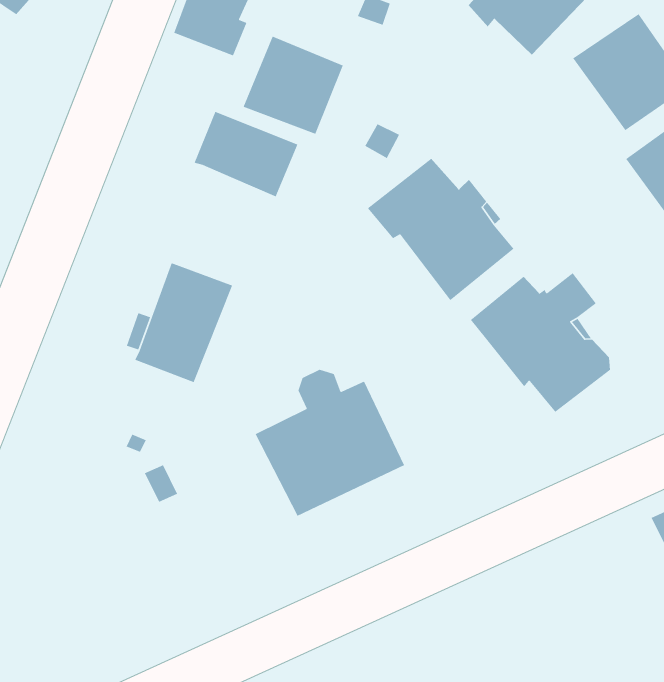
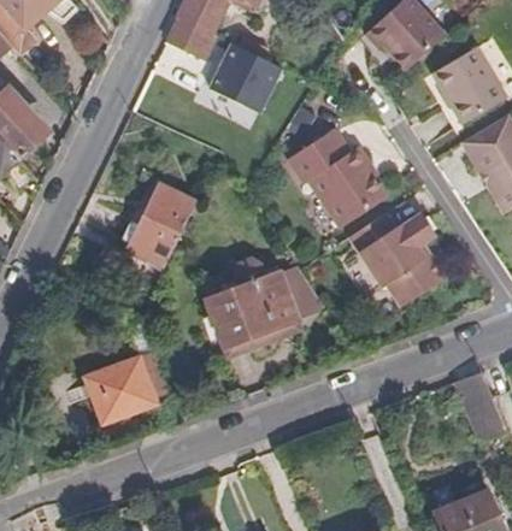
building: [193,111,298,197] -> none
building: none -> [278,266,332,331]
building: none -> [84,352,170,423]

